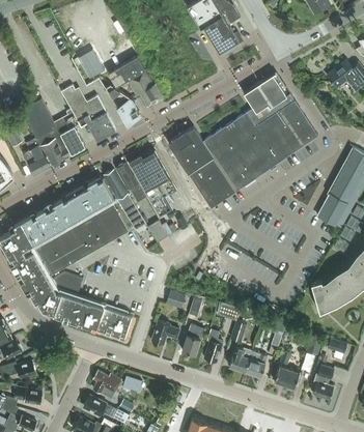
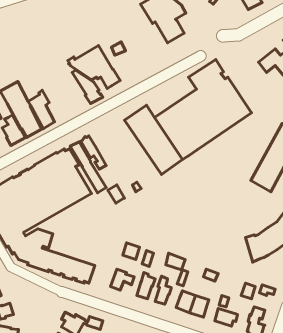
building: [78,50,105,79] -> none
building: [61,85,116,140] -> none
building: [129,151,176,217] -> none

